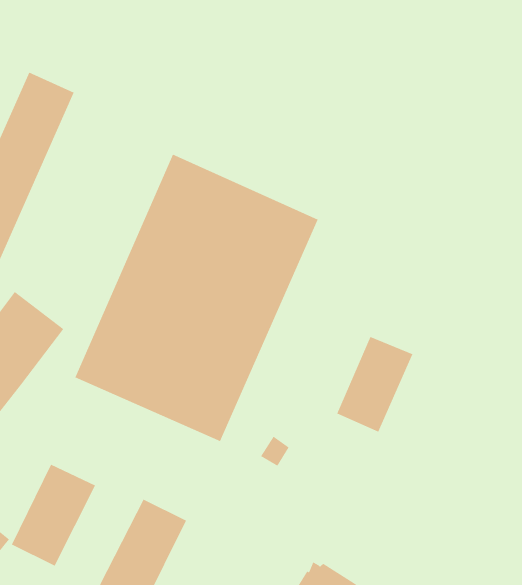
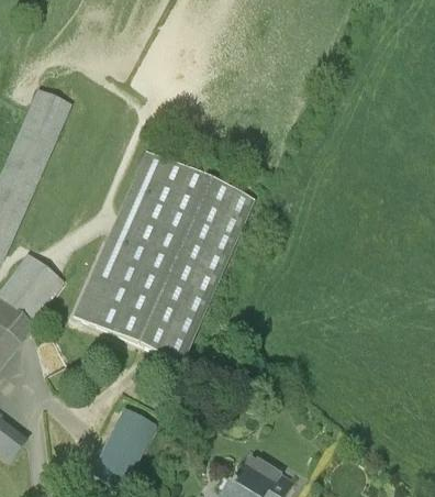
building: [337,336,413,432] -> none
building: [11,464,96,567] -> none

